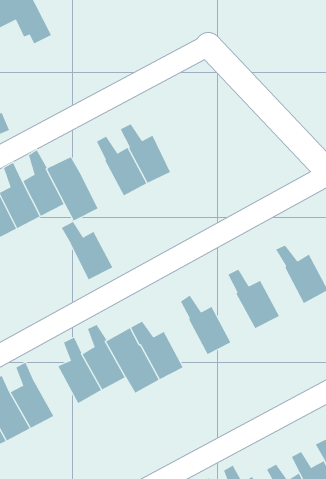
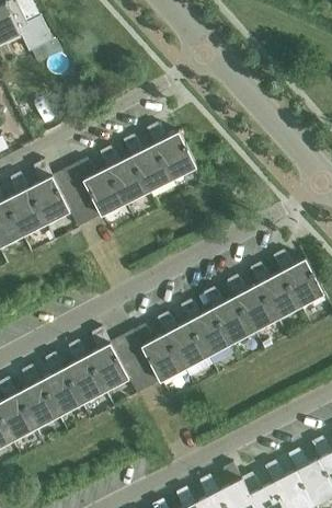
building: none -> [147,124,196,182]
building: [61,221,113,280] -> [76,160,126,217]
building: none -> [250,263,300,321]
building: none -> [204,288,253,346]
building: none -> [157,313,207,370]
building: none -> [39,353,82,417]

